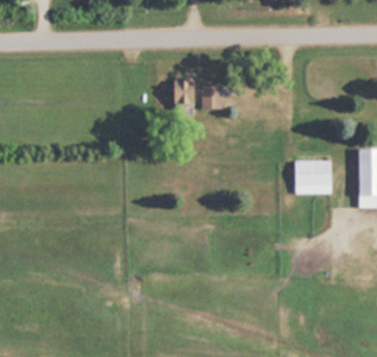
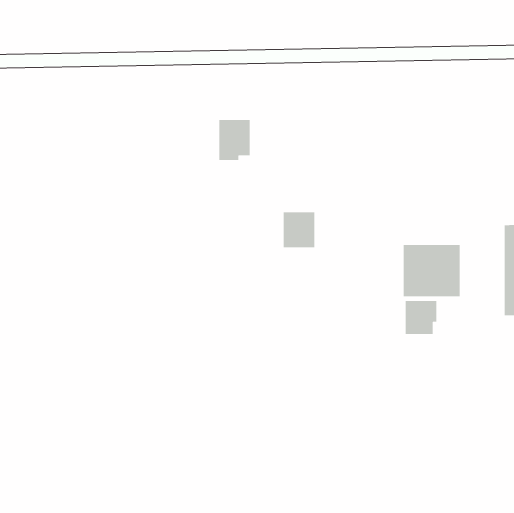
building: [200,86,221,110] -> [283,211,315,248]
building: none -> [405,300,437,335]

